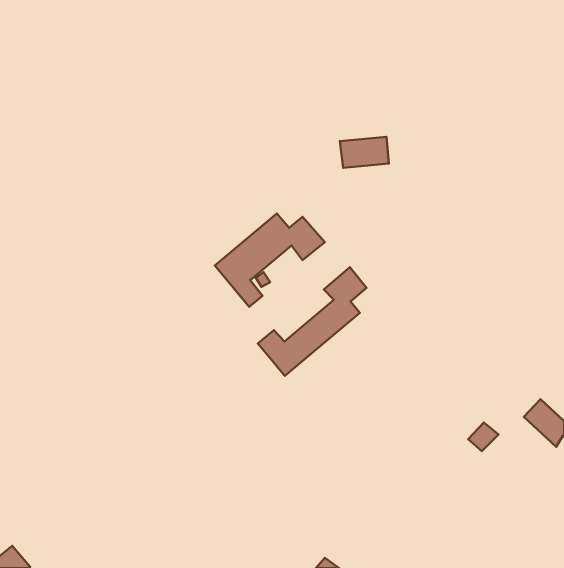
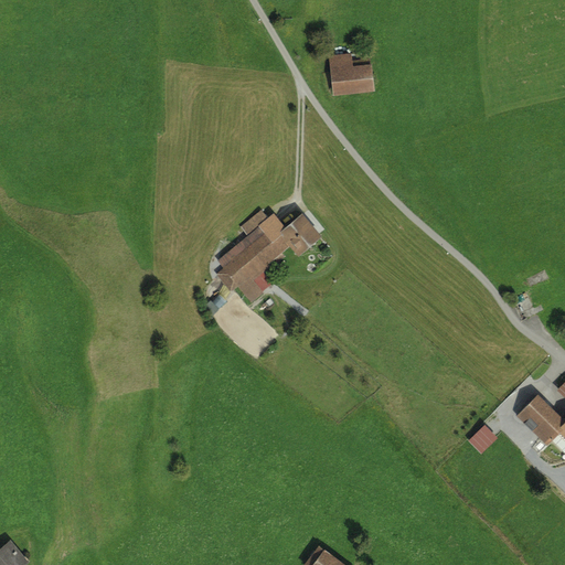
building: [340,137,389,168] -> [327,65,375,96]
building: [258,267,366,376] -> none

